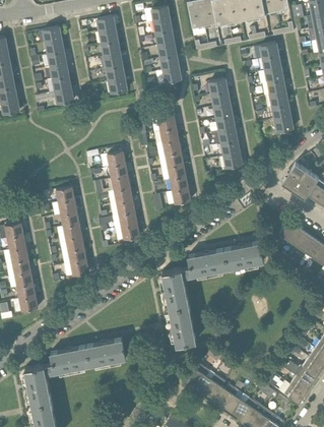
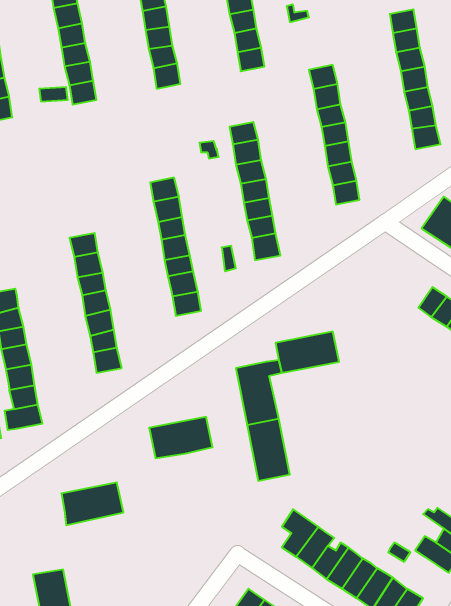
building: [223,243,263,269] -> none
building: [85,340,126,366] -> [149,417,213,458]
building: [24,365,53,406] -> none

